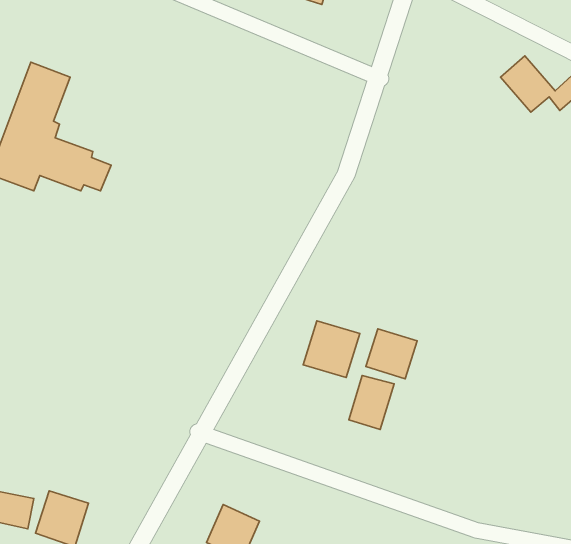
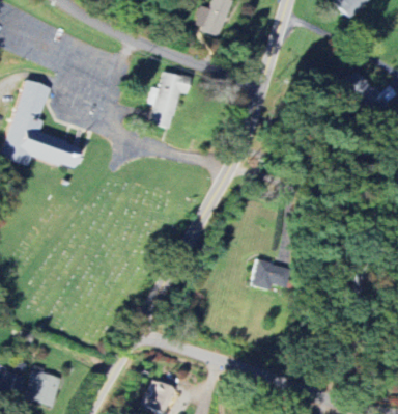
building: none -> [149,72,191,128]
building: [303,321,360,377] -> none
building: [349,376,394,430] -> none

